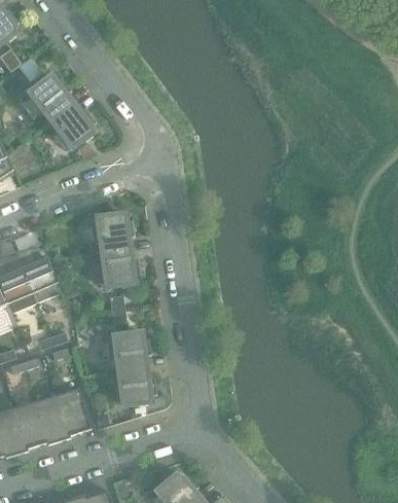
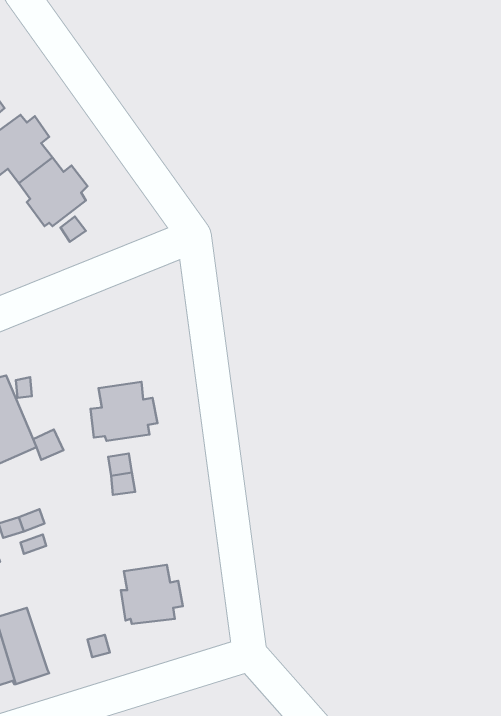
building: [88,214,132,253] -> none
building: [98,332,148,371] -> none
building: [53,388,88,435] -> none

